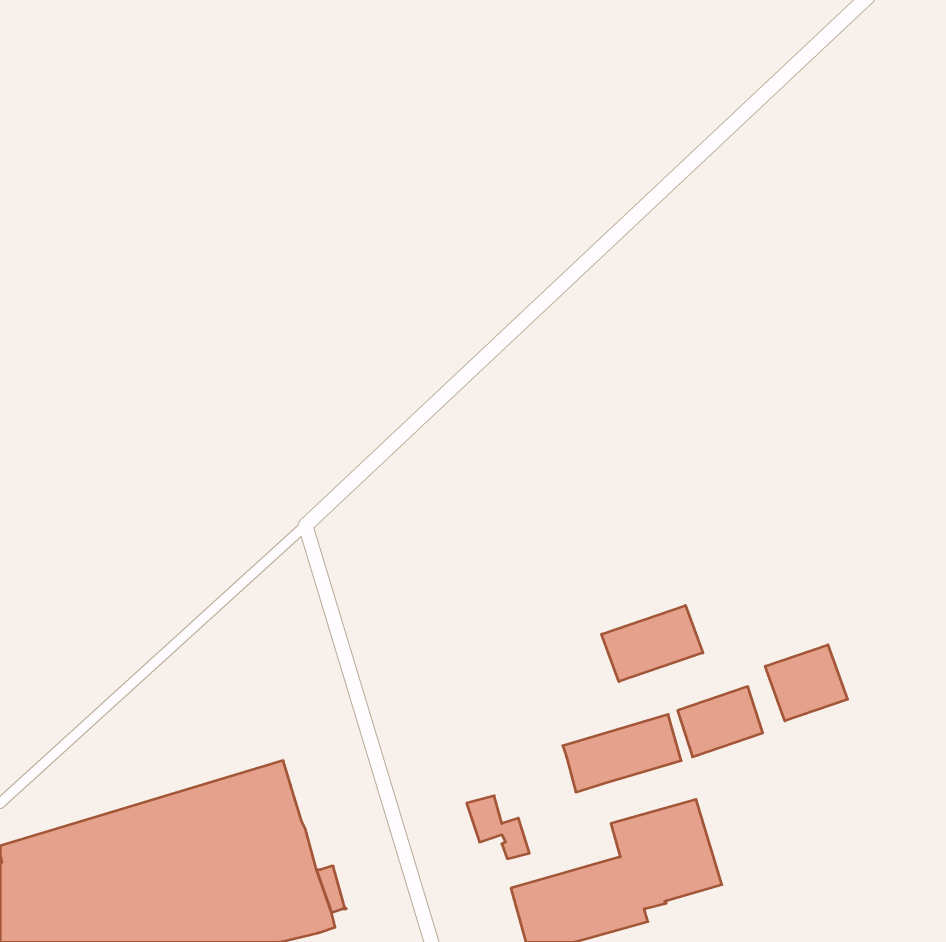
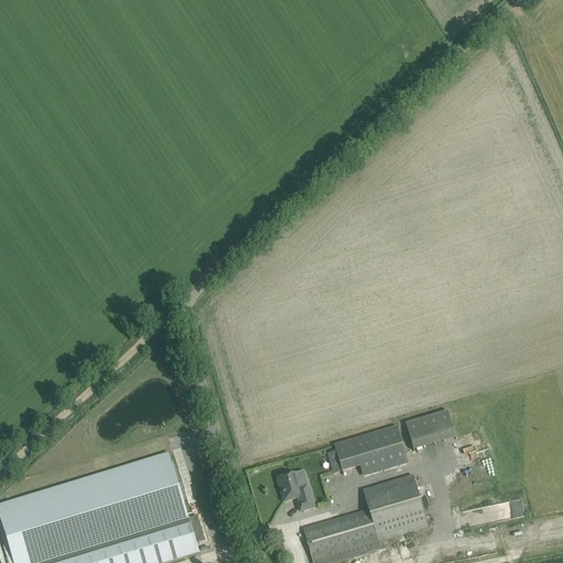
building: [602,605,703,682] -> none
building: [765,645,848,721] -> none

